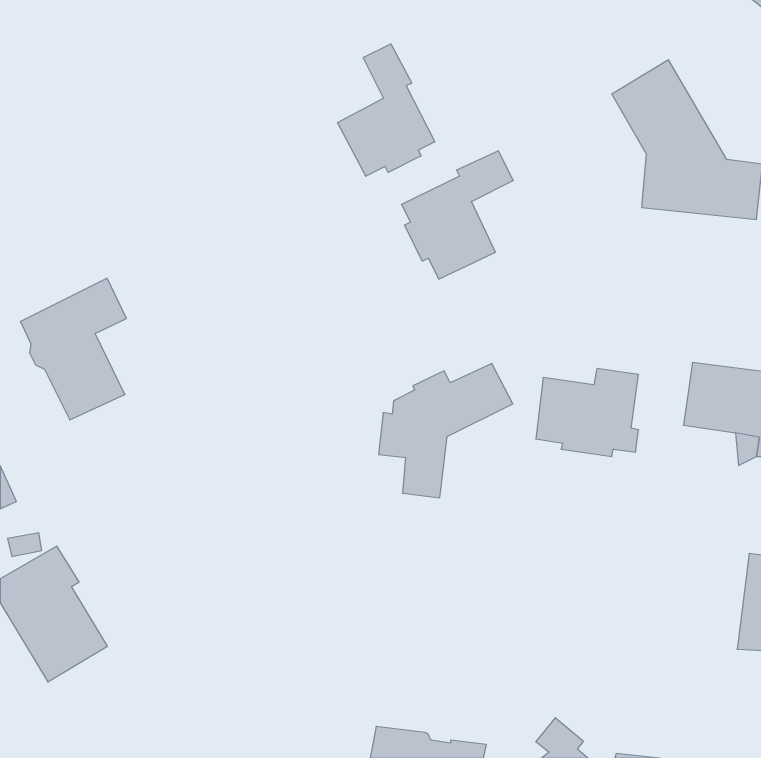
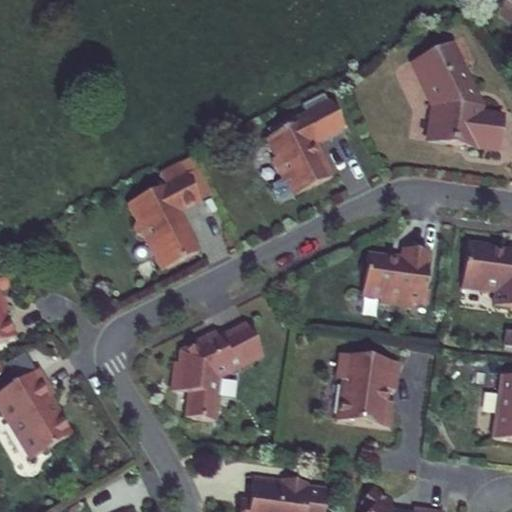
building: [338,44,435,176] -> none
building: [20,278,126,420] -> [129,167,200,262]
building: [379,363,513,498] -> [171,324,261,414]
building: none -> [335,353,398,427]

